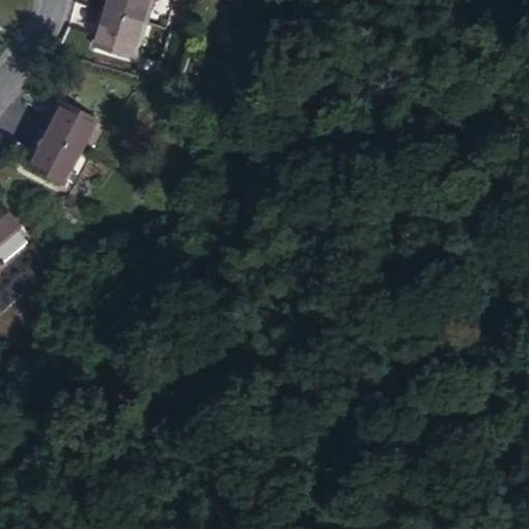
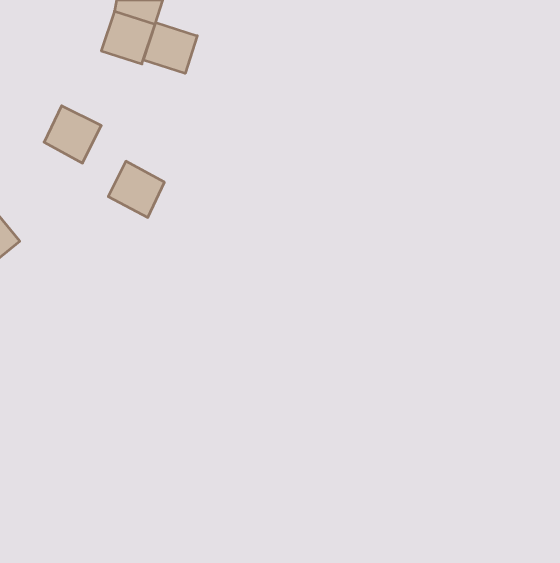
building: none -> [143,23,197,73]
building: [25,133,77,186] -> [108,161,164,217]

